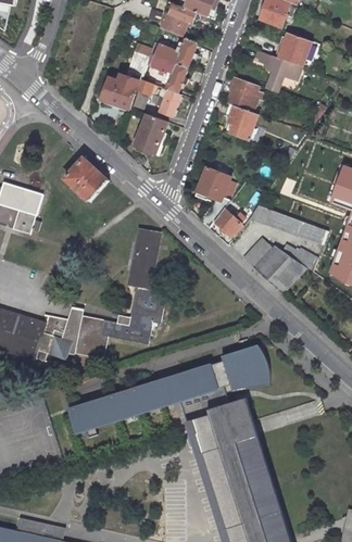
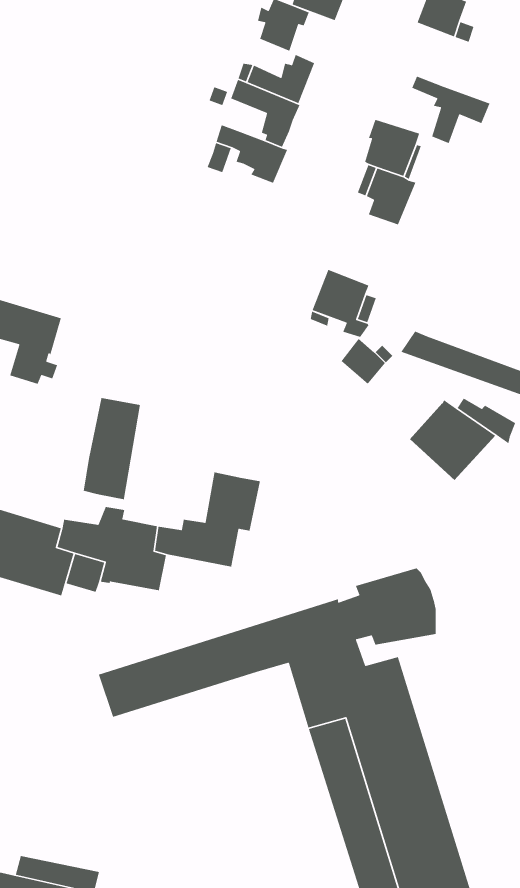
building: [274,31,310,66] -> none
building: [102,75,137,108] -> none
building: [134,113,167,152] -> none
building: [63,156,108,201] -> none
building: [127,229,162,291] -> [83,397,141,500]
building: [241,237,273,268] -> none

